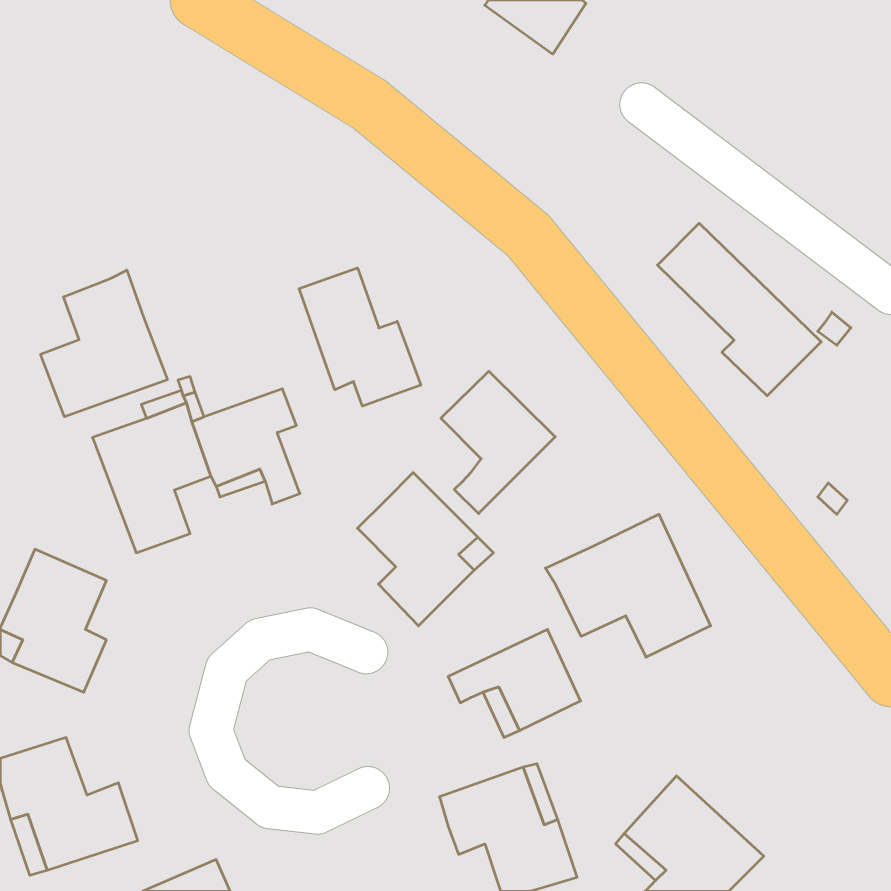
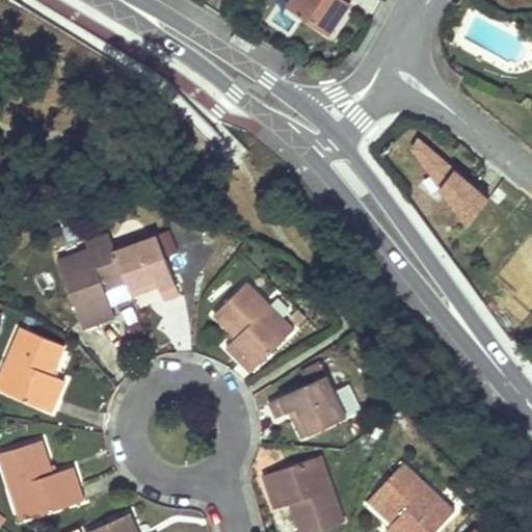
building: [299,268,421,406] -> none
building: [41,270,167,417] -> none
building: [441,371,555,514] -> none
building: [545,514,711,657] -> none

